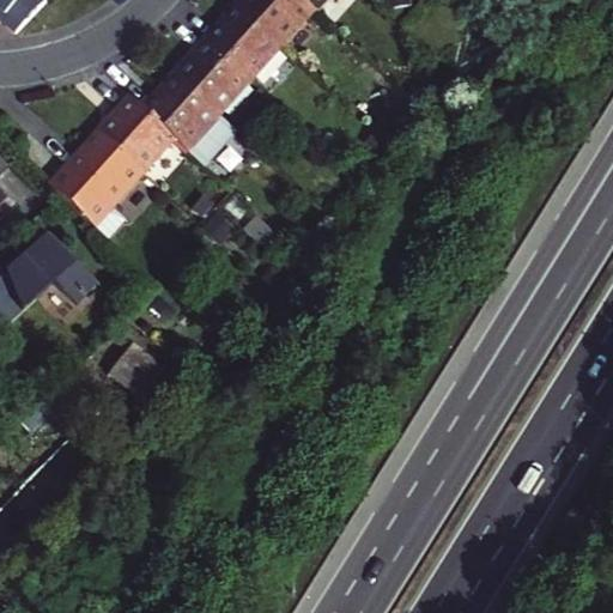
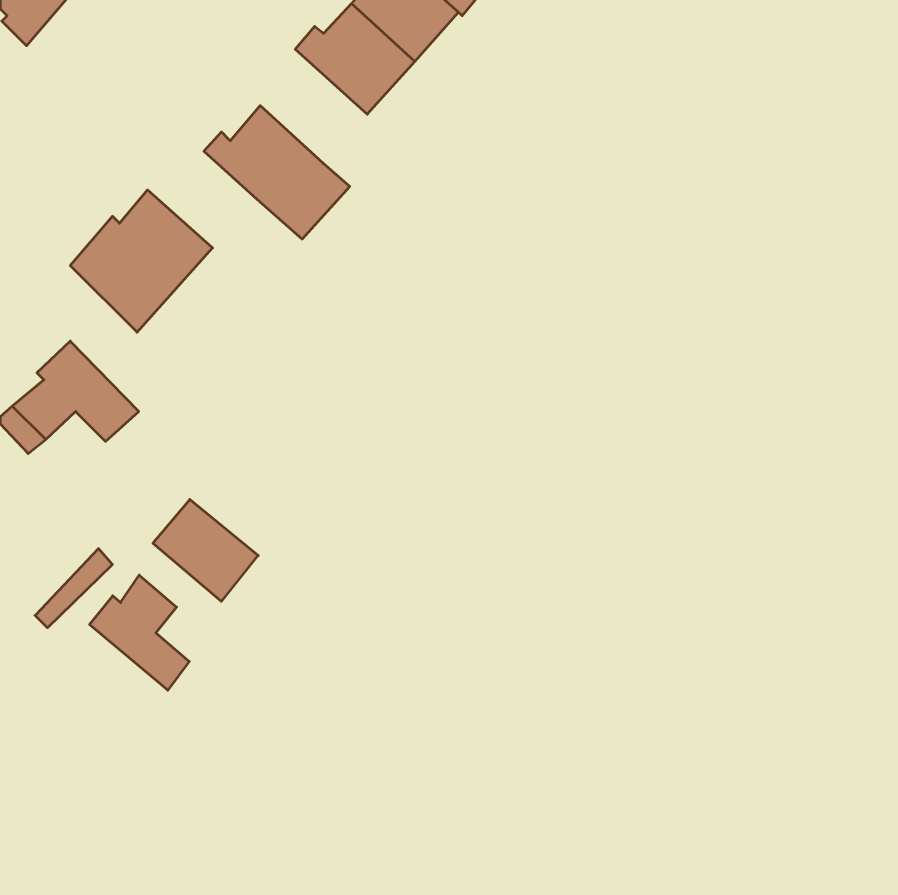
building: [177,34,250,111] -> none
building: [101,91,175,169] -> none
building: none -> [90,575,189,690]

